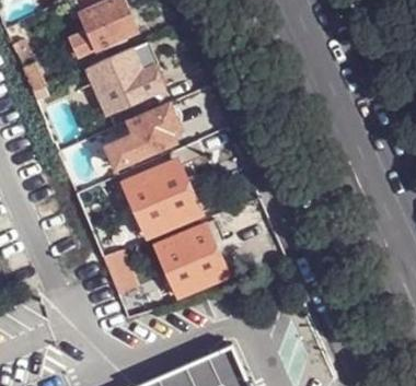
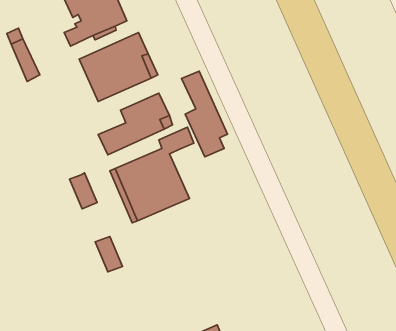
building: none -> [181,71,228,157]
building: [155,225,228,297] -> none

